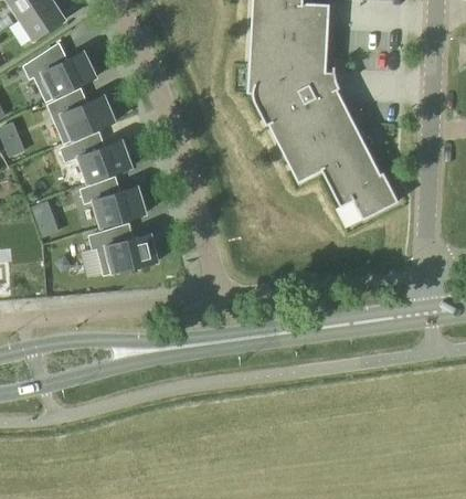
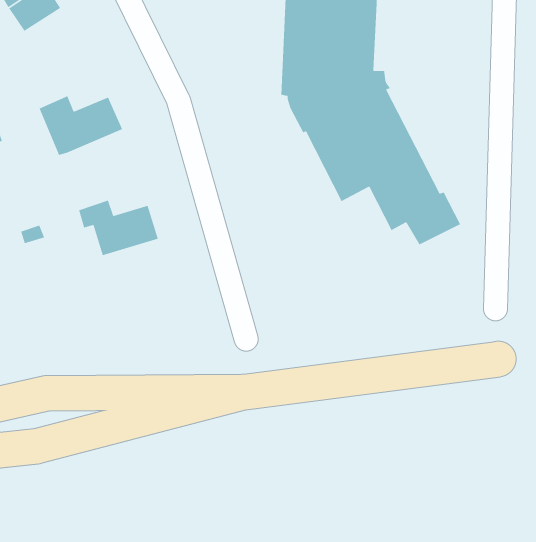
building: [22,49,98,103] -> none
building: [60,136,133,184] -> none
building: [88,226,159,276] -> none

